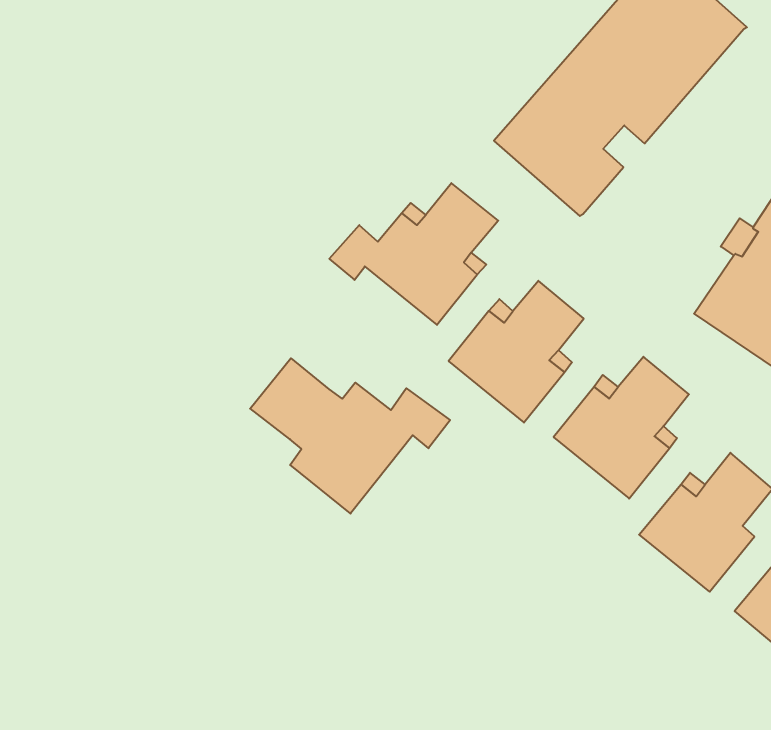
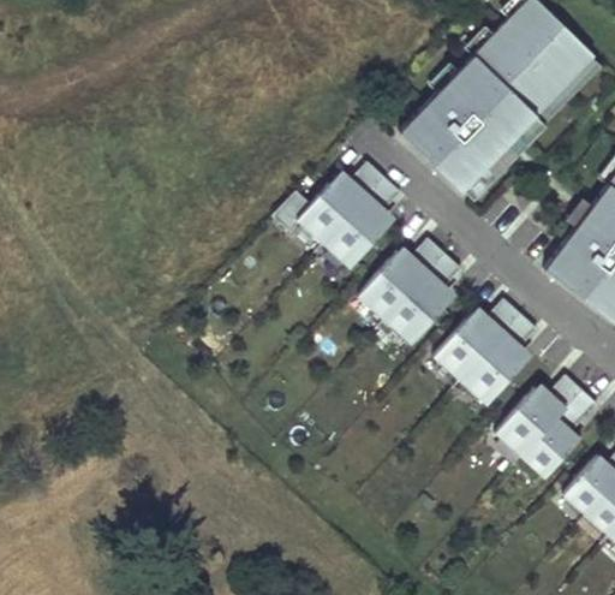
building: none -> [464,58,602,198]
building: [250,358,450,514] -> none

